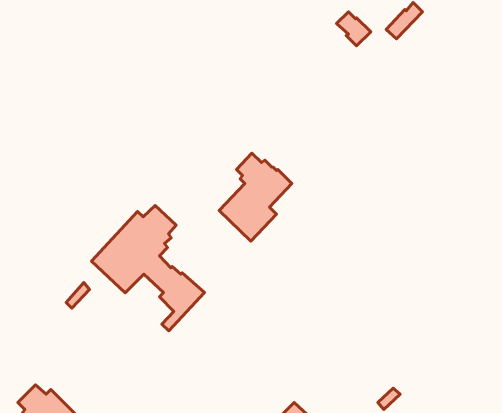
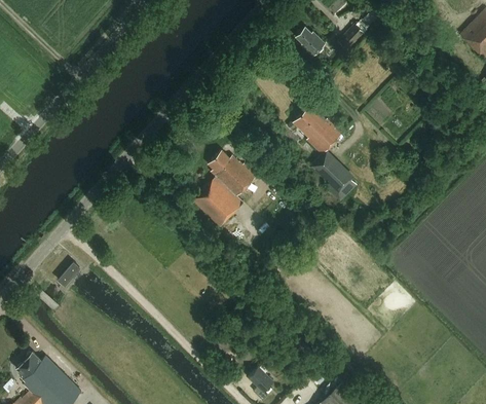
building: none -> [292,107,357,203]
building: [91,205,205,331] -> none

